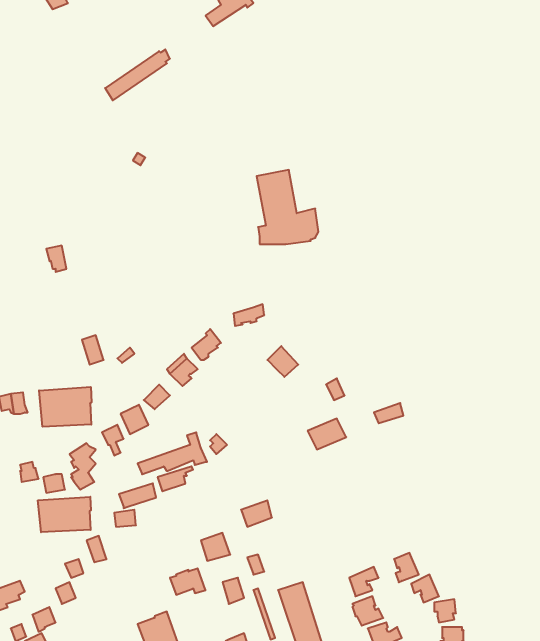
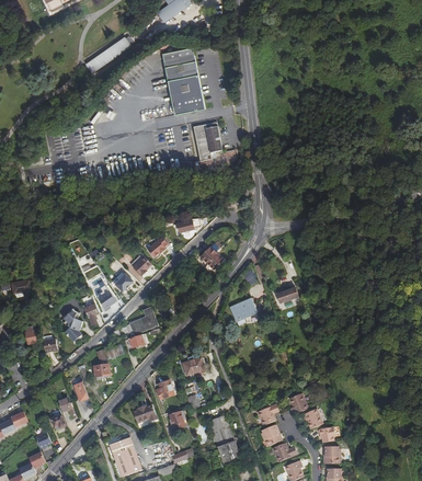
building: none -> [162,47,204,114]
building: [39,387,91,427] -> none
building: [38,497,91,532] -> none

